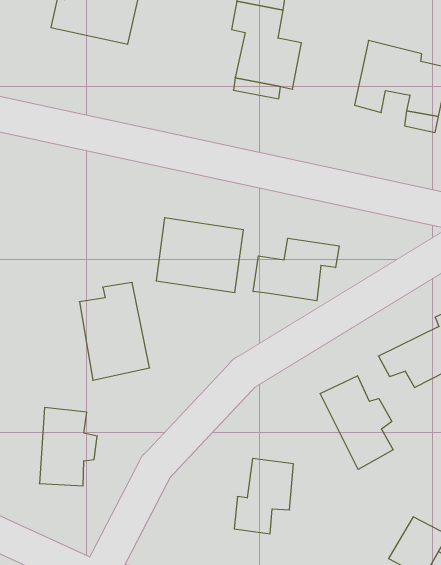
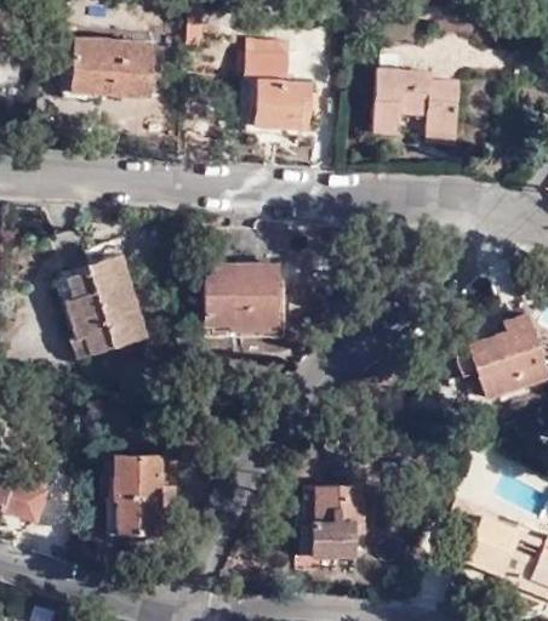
building: [253,238,339,301] -> none
building: [79,283,150,380] -> [70,252,147,352]
building: [320,376,393,469] -> none

